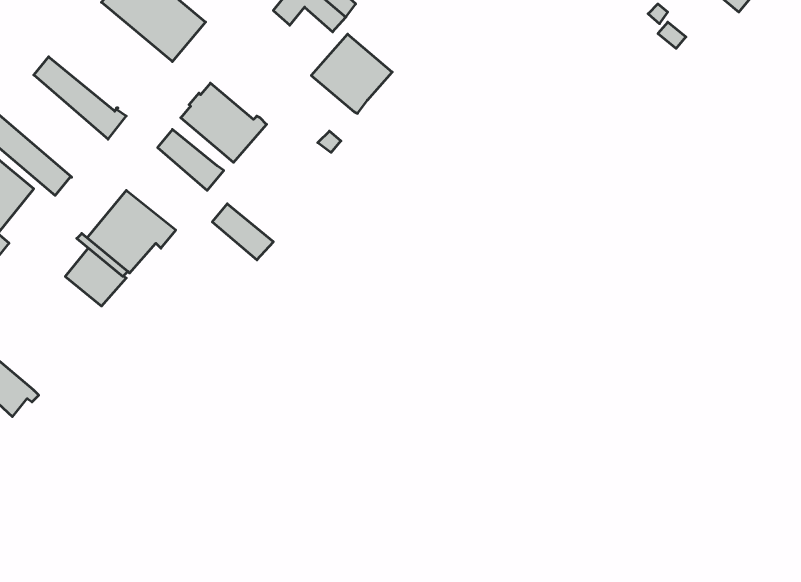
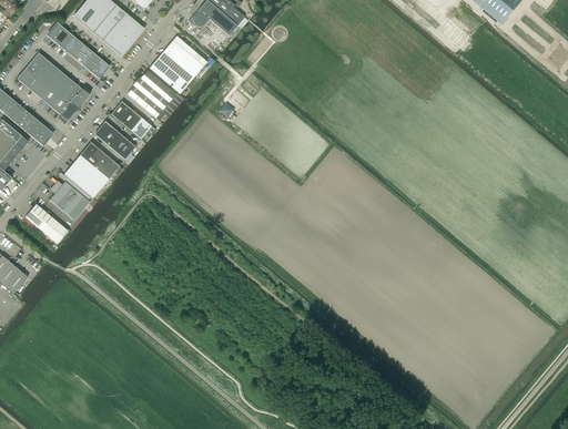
building: none -> [47,22,109,78]
building: [311,34,392,113] -> [149,40,203,93]
building: none -> [17,64,78,122]
building: [212,204,273,260] -> [94,121,135,159]
building: none -> [24,203,68,243]

